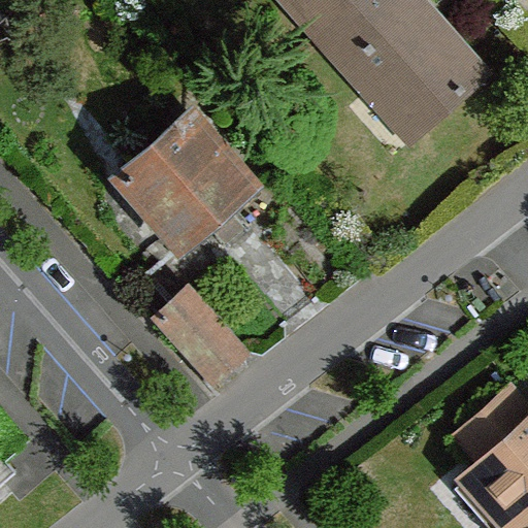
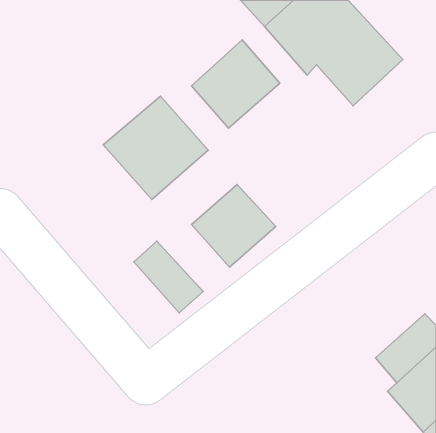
building: none -> [191,40,280,128]
building: none -> [191,184,276,267]

